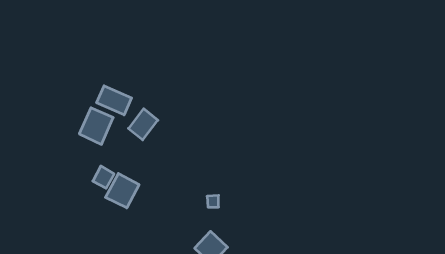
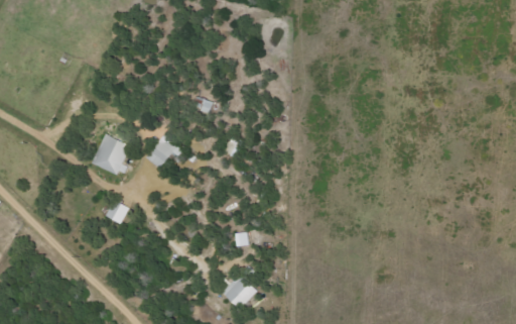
building: [97,86,132,115] -> none
building: [105,173,139,208] -> none

